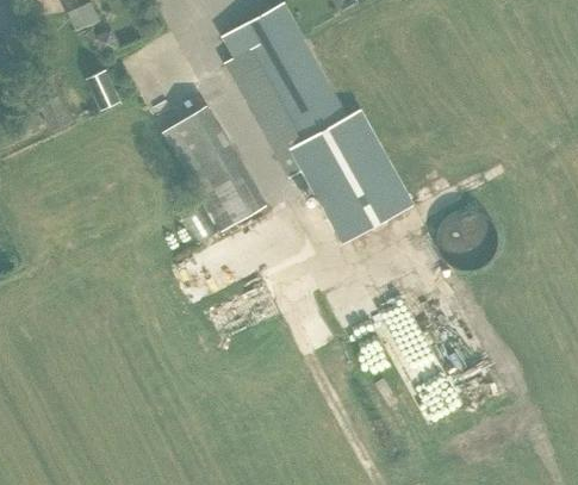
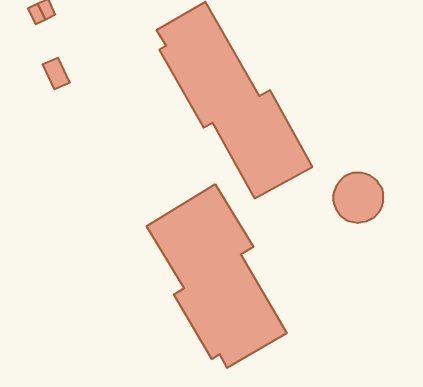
building: [162,105,267,232] -> none
building: none -> [147,184,287,368]

